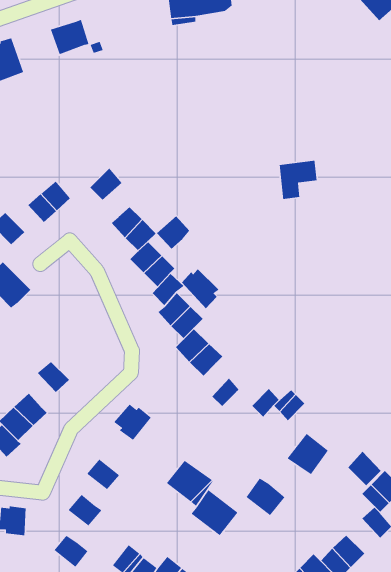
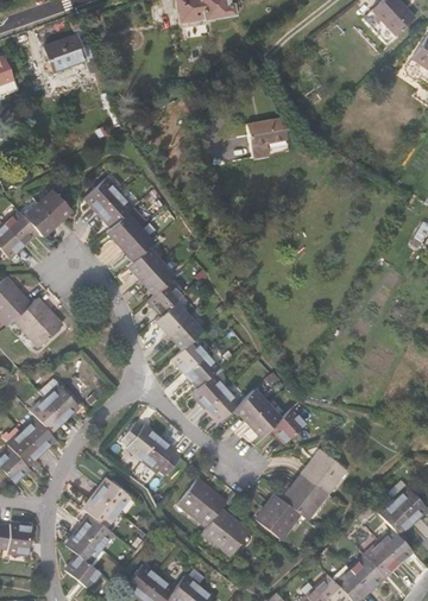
building: [279,160,318,200] -> [245,125,284,165]
building: none -> [8,213,44,247]
building: [156,216,190,250] -> [107,197,141,232]
building: [181,268,219,309] -> none
building: none -> [20,300,68,348]
building: none -> [203,380,235,413]
building: none -> [26,390,59,424]
building: none -> [244,391,276,423]
building: none -> [138,435,178,475]
building: [347,451,381,486] -> [354,537,389,572]
building: none -> [276,476,319,520]
building: none -> [78,492,112,524]
building: none -> [58,529,93,561]

